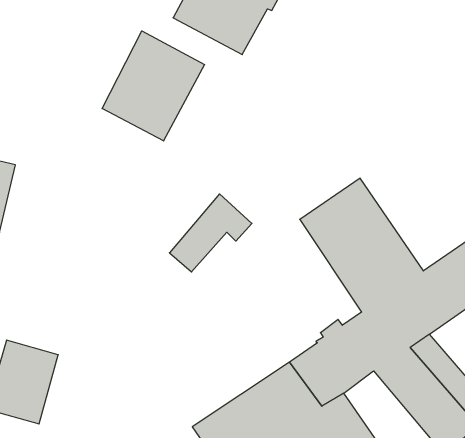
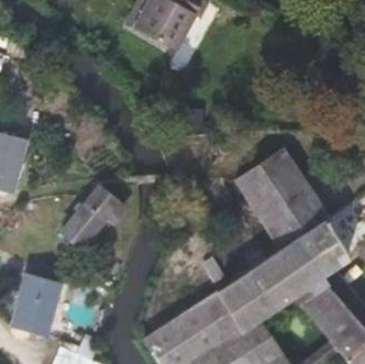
building: [102,31,205,141] -> none
building: [169,194,252,272] -> [60,187,122,245]

